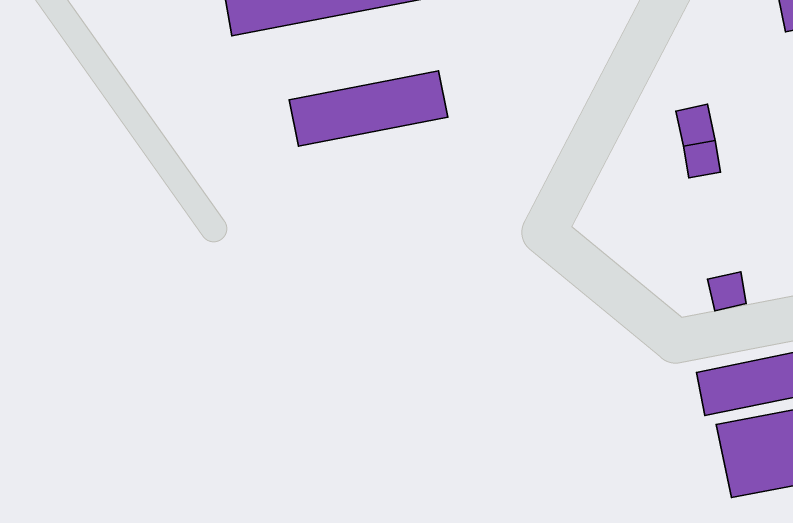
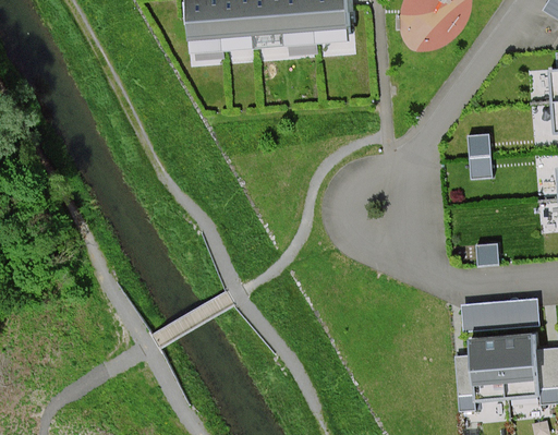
building: [289,71,448,146] -> none

